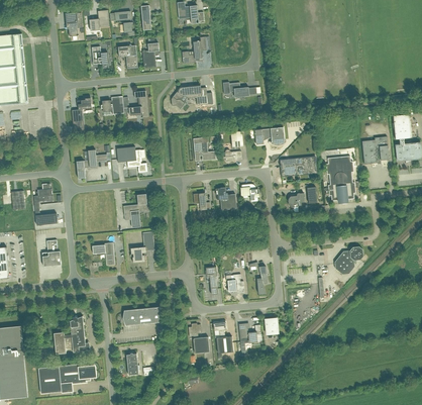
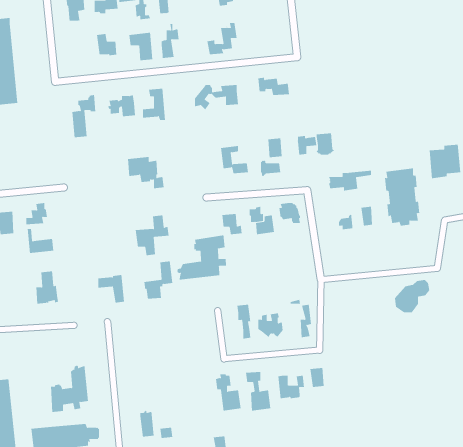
building: [76,149,106,179] -> none
building: none -> [177,234,227,280]
building: [122,307,161,325] -> none

